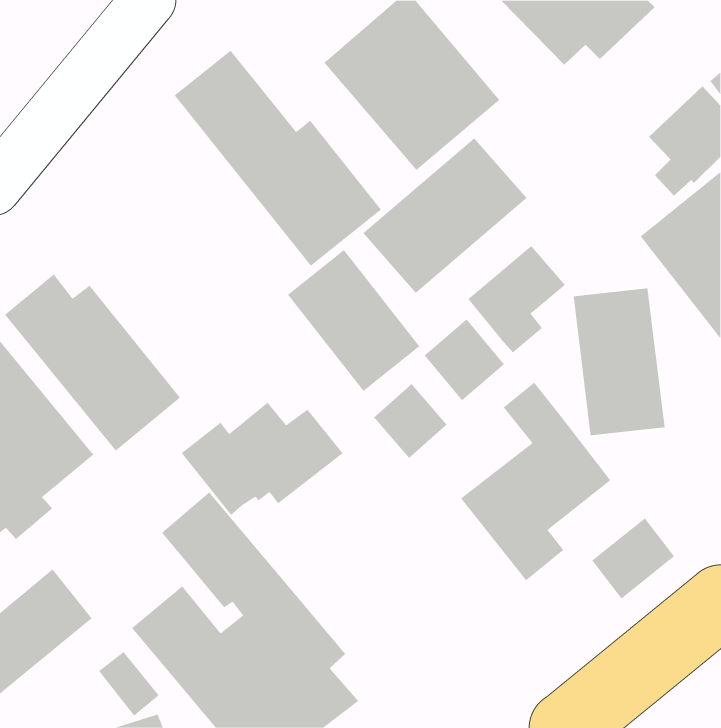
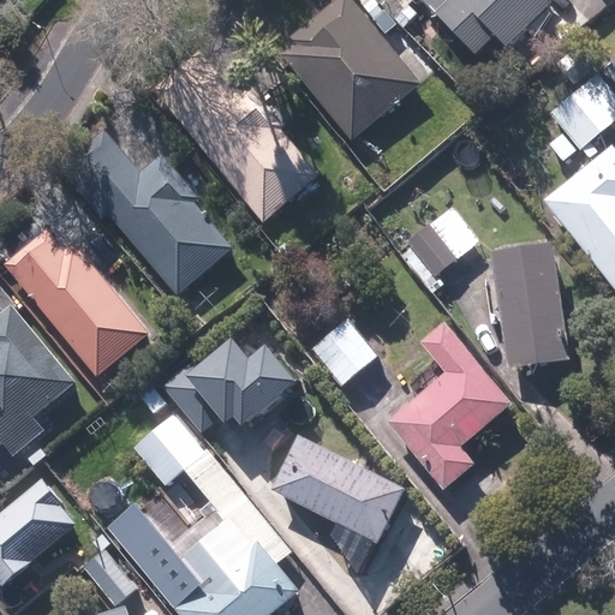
building: [363,137,527,294] -> none
building: none -> [56,126,232,297]
building: [287,249,420,392] -> none
building: [424,319,505,401] -> none
building: none -> [273,436,410,572]
building: [591,518,675,599] -> none

